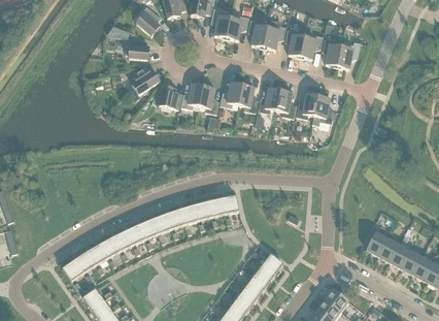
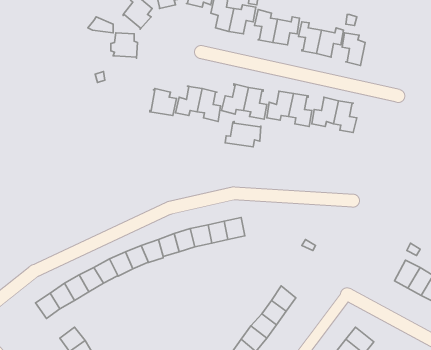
building: [337,40,368,67] -> none
building: [130,65,160,94] -> none
building: none -> [225,122,261,147]

